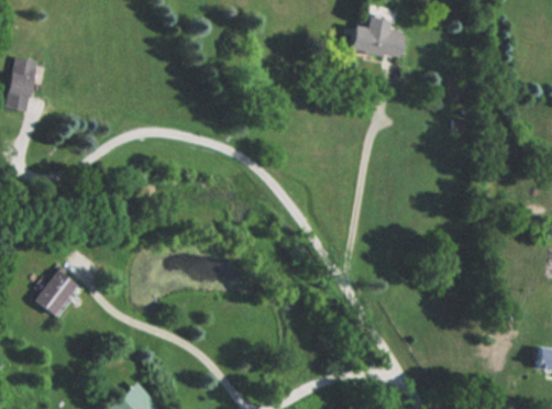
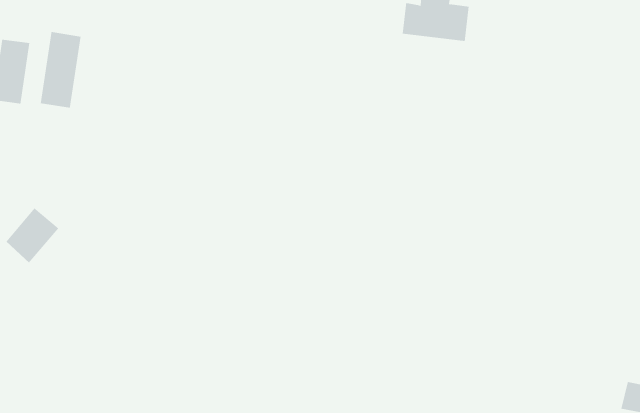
building: none -> [40,31,81,109]
building: [34,268,79,316] -> [6,208,59,264]

